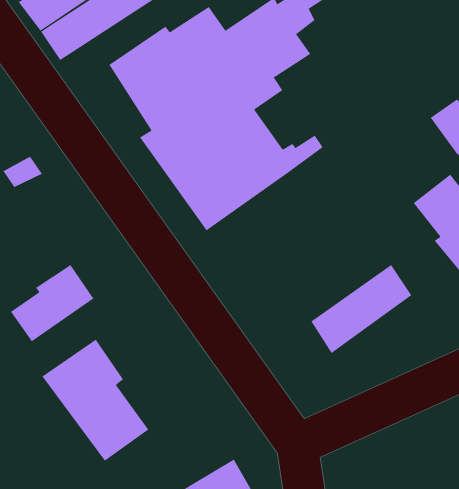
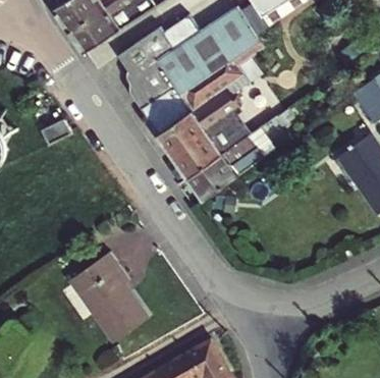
building: [10,264,94,342] -> none
building: [310,264,412,354] -> [189,133,264,199]

